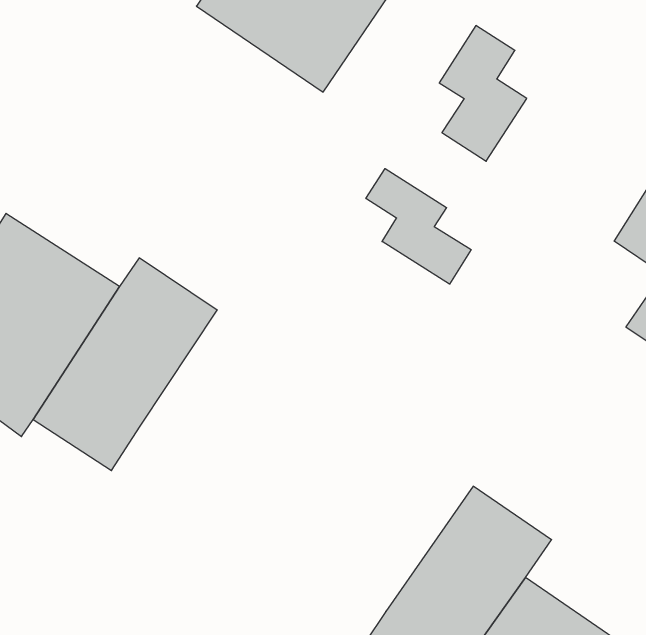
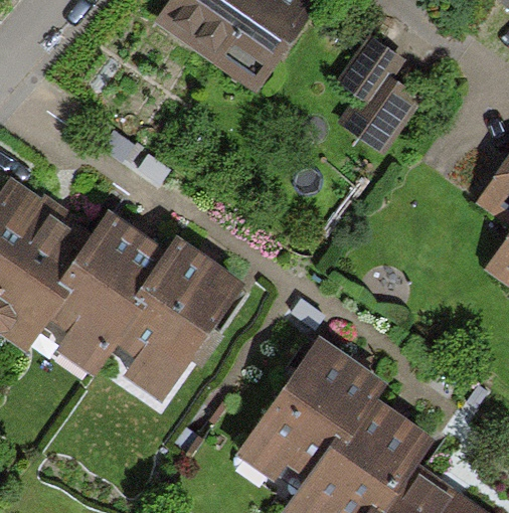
building: [366,169,471,284] -> none
building: none -> [112,247,238,406]
building: none -> [240,334,379,488]

